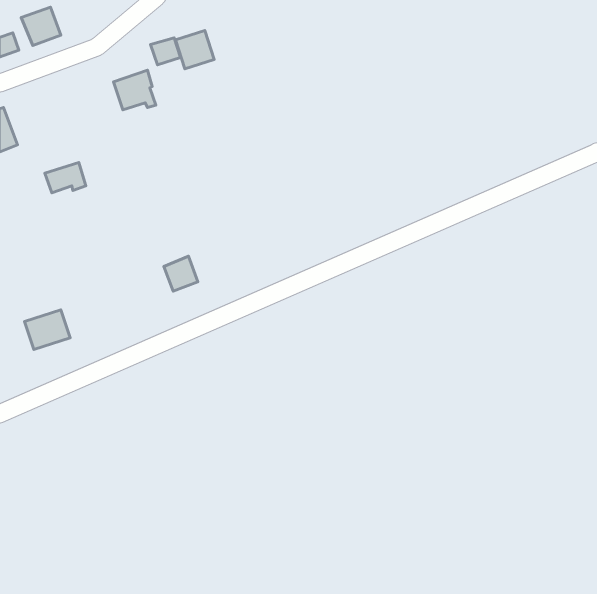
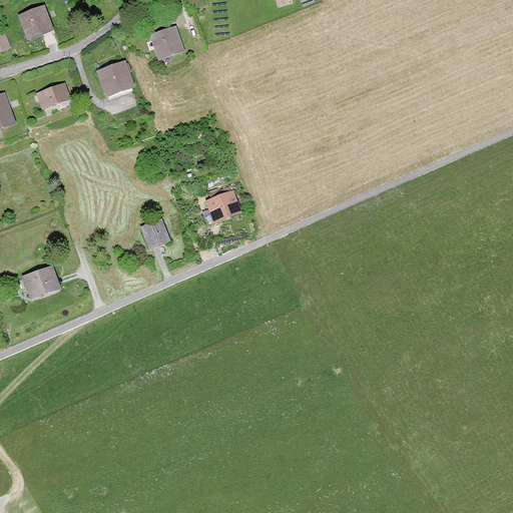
building: [151,38,181,65] -> none
building: [45,163,86,193] -> [35,83,70,109]
building: none -> [202,189,241,224]

